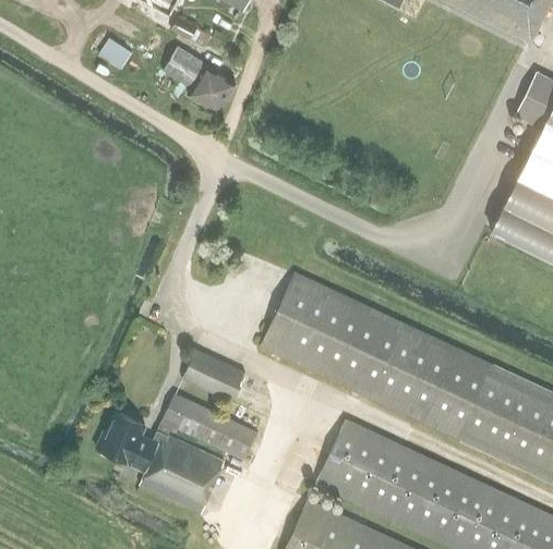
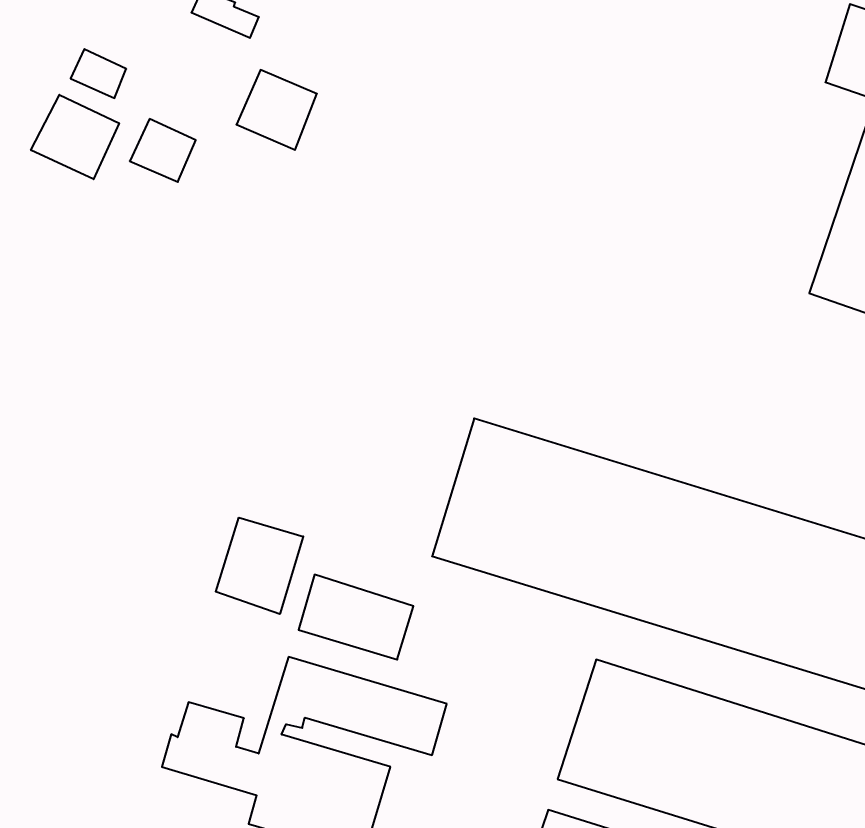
building: [163,48,201,85] -> [130,119,196,182]
building: none -> [31,95,119,179]
building: none -> [216,518,303,614]

